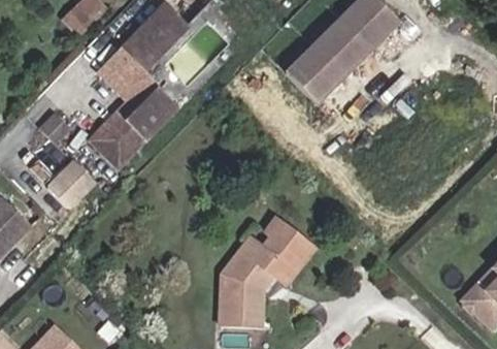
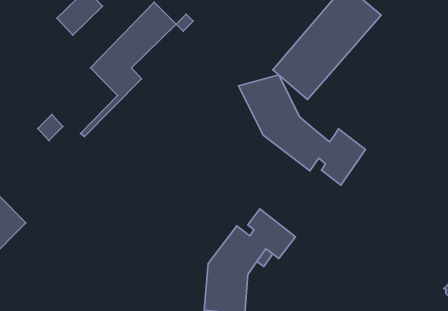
building: none -> [238,75,366,185]
building: [92,83,174,166] -> none
building: [47,157,99,209] -> none

